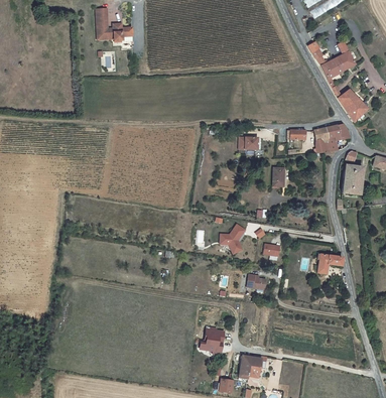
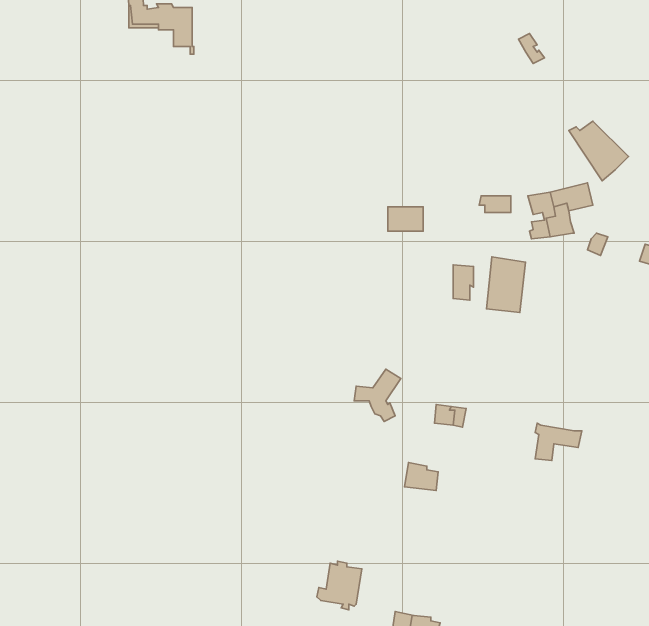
building: [321,41,356,88] -> none
building: [342,164,363,194] -> [486,257,526,313]

